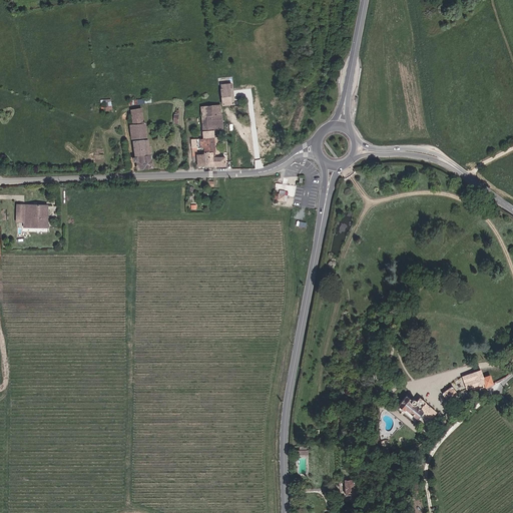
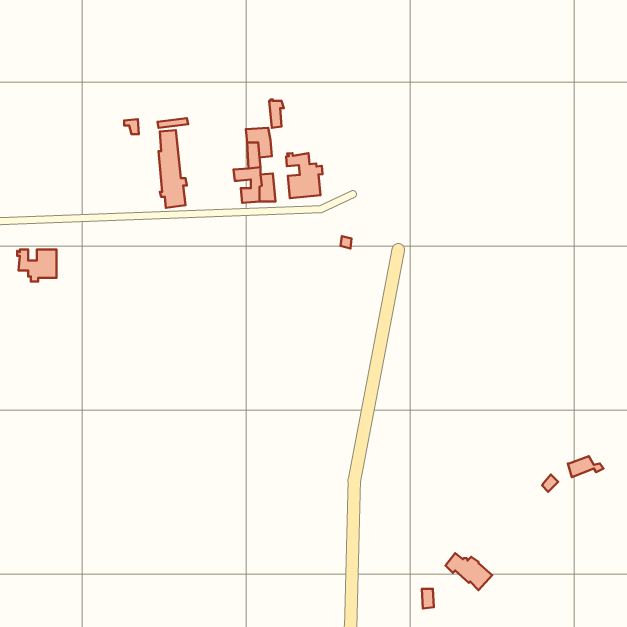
building: none -> [286,153,322,198]
building: [399,396,437,426] -> [445,553,492,590]

